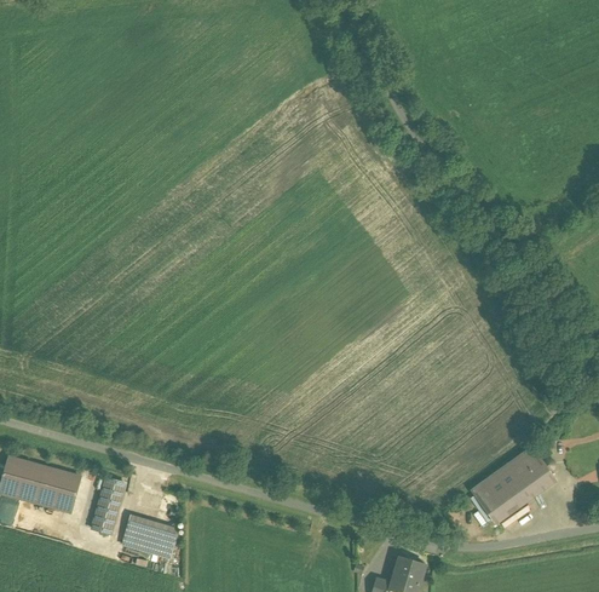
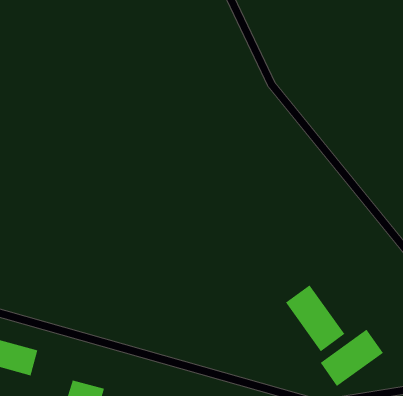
building: none -> [285,285,345,352]
building: [90,476,125,533] -> none

